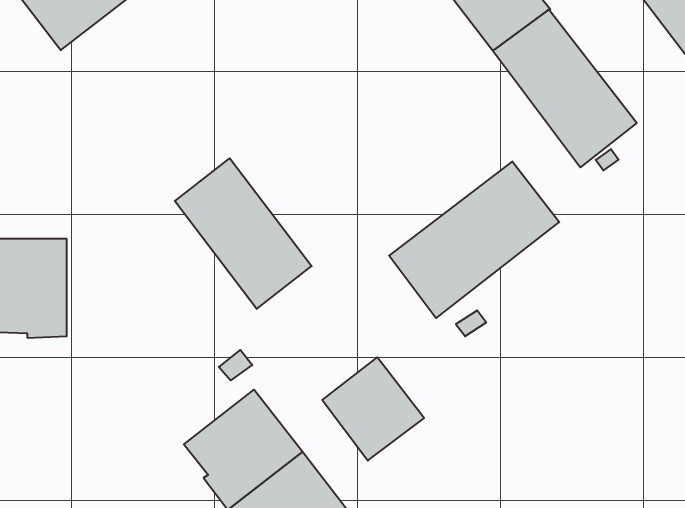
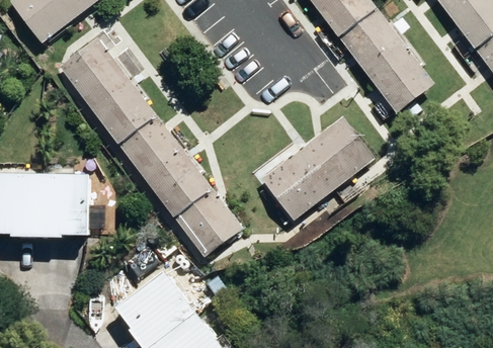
building: none -> [59,37,154,143]
building: none -> [46,168,96,234]
building: [322,357,424,461] -> [172,186,240,255]

